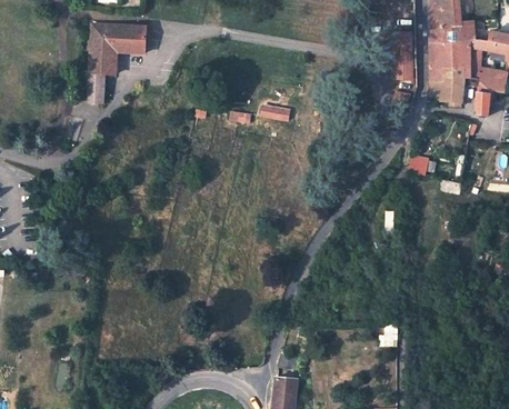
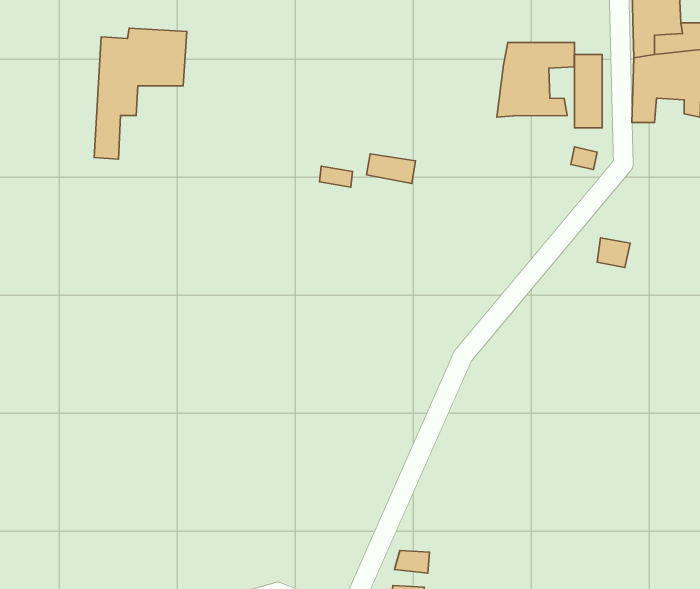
building: none -> [497,43,575,117]
building: [429,67,463,100] -> none

